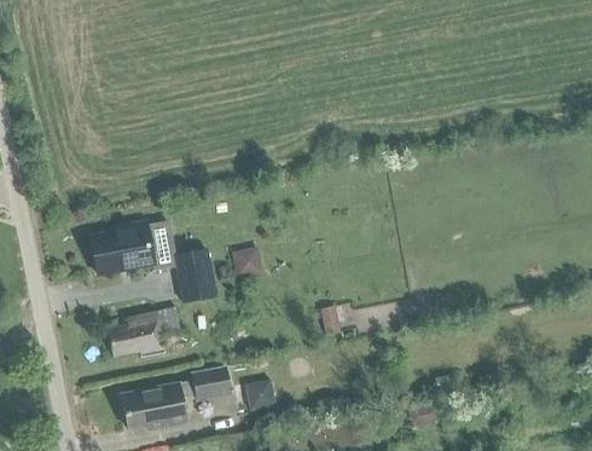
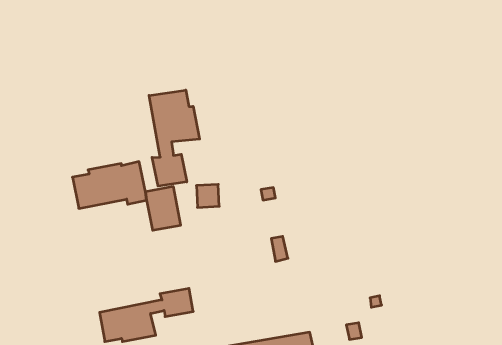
building: none -> [149,90,200,186]
building: [108,310,180,358] -> none
building: [242,377,275,411] -> none

